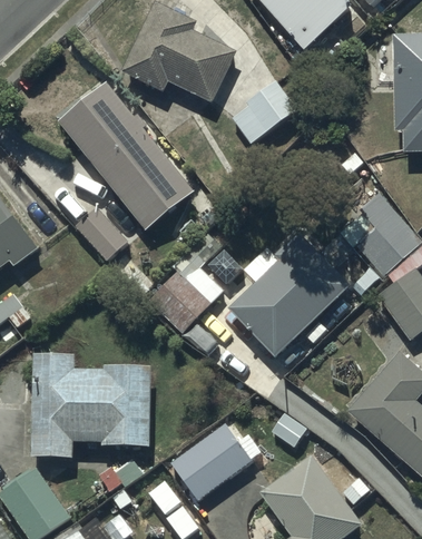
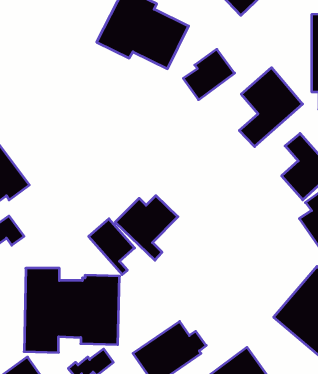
building: [58,82,196,233] -> none
building: none -> [239,68,303,147]
building: [72,204,130,274] -> [89,219,135,275]
building: [226,219,349,346] -> none

